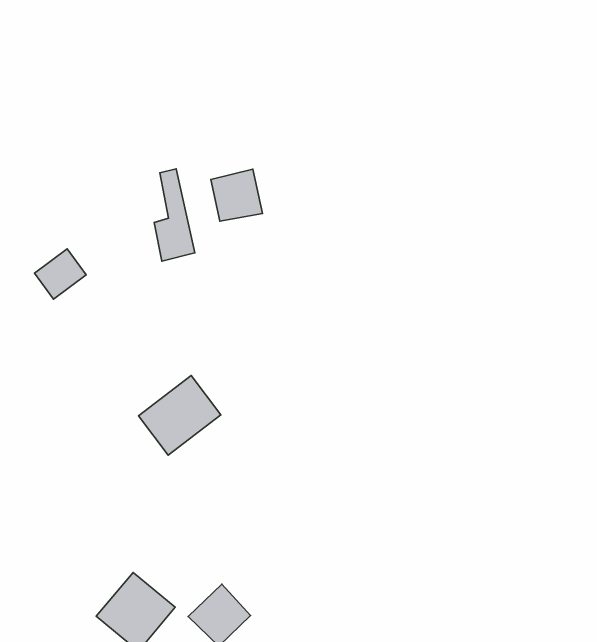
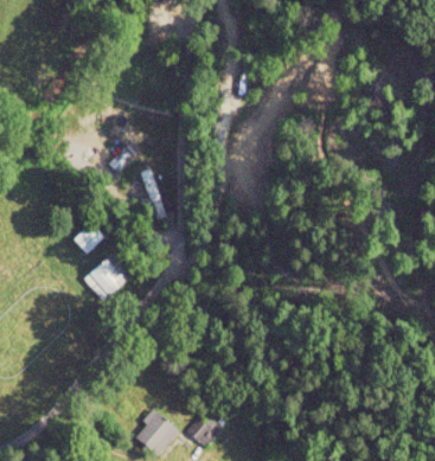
building: [211,169,263,221] -> none
building: [139,376,221,455] -> [83,252,132,301]

